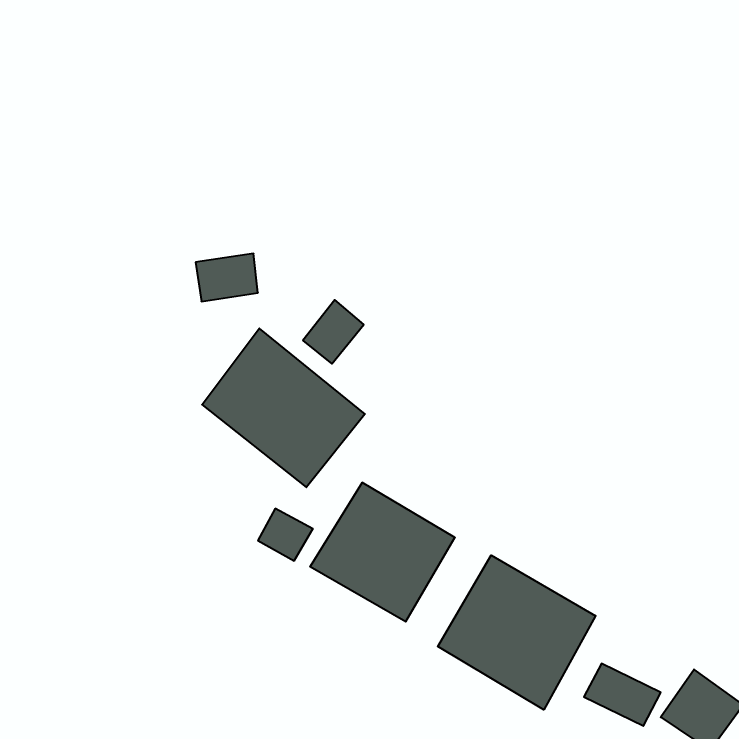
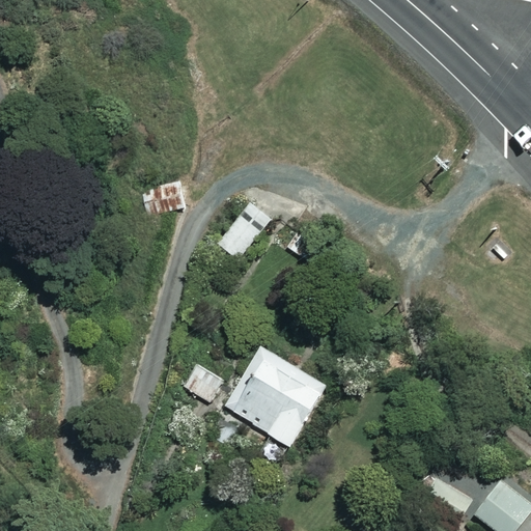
building: [202,328,365,487] -> none
building: [438,555,596,710] -> none

